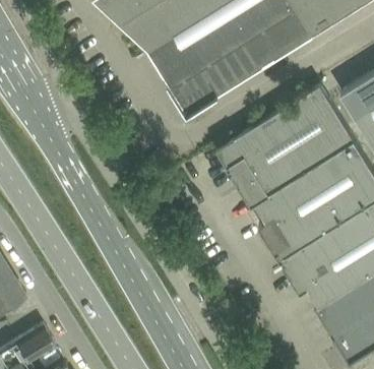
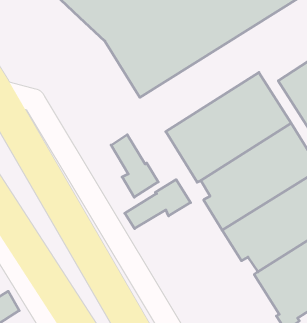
building: none -> [111,135,158,197]
building: none -> [125,180,191,229]

